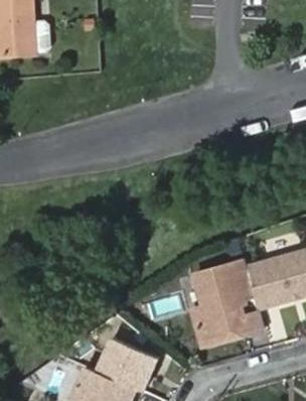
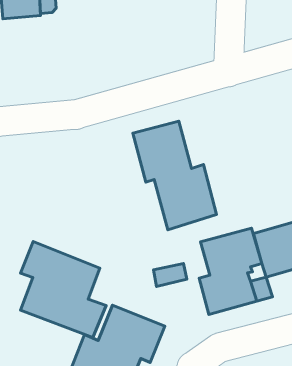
building: none -> [133,121,217,230]
building: none -> [20,242,106,338]

